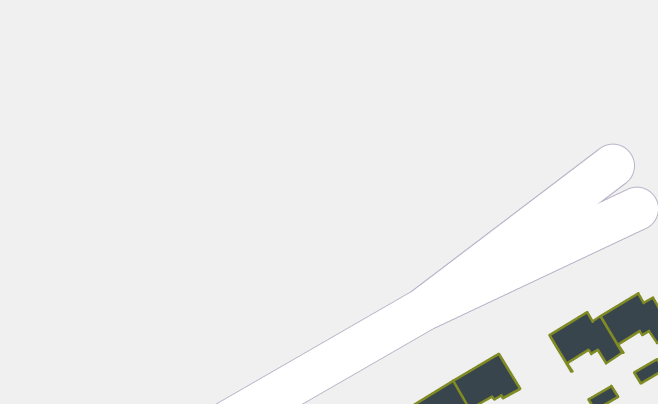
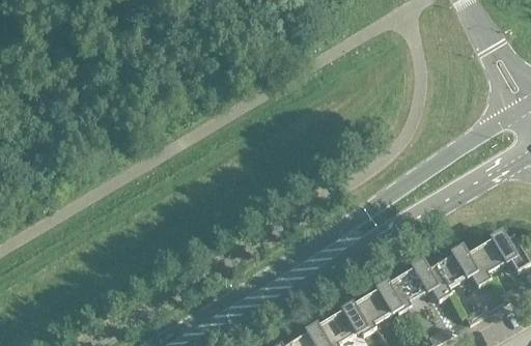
building: none -> [394,262,450,306]

